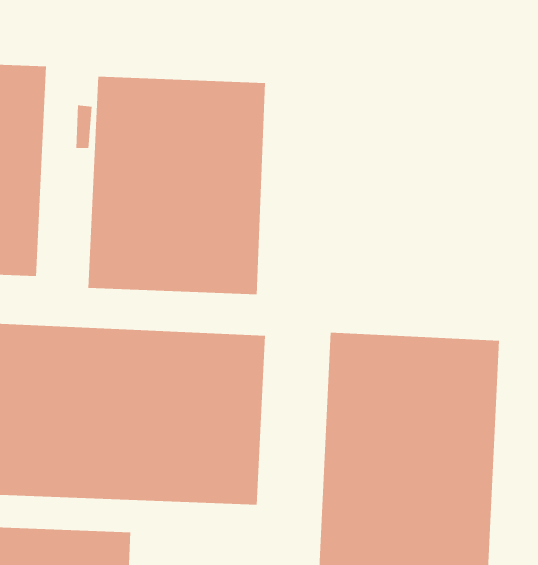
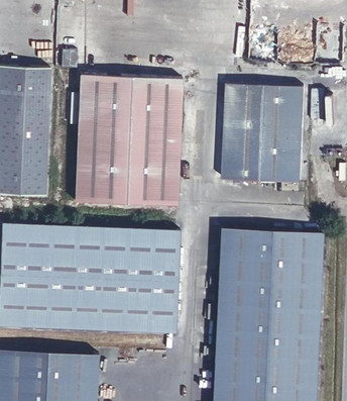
building: none -> [223,84,306,183]

